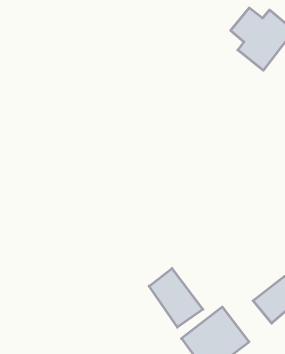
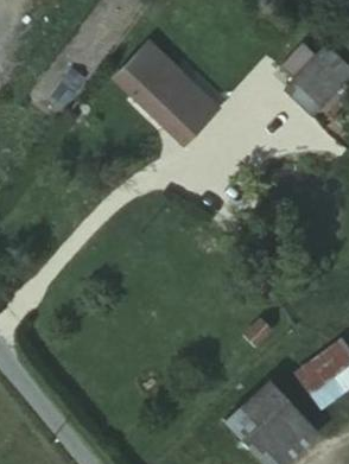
building: none -> [116,42,217,141]
building: [149,268,203,327] -> none

